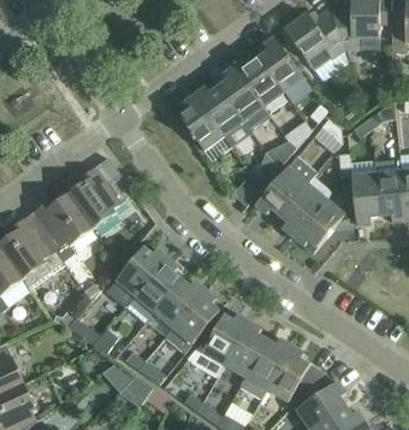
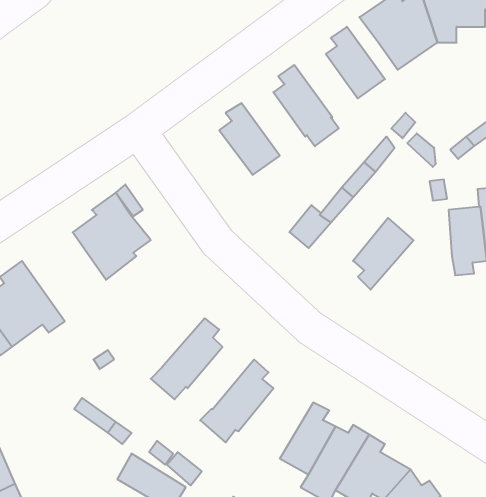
building: [236,58,284,106] -> none
building: [196,87,244,135] -> none
building: [256,155,316,214] -> none
building: [30,193,94,260] -> none
building: [294,199,357,247] -> none
building: [107,247,168,307] -> none
building: [155,279,206,326] -> none
building: [188,314,250,375] -> none

